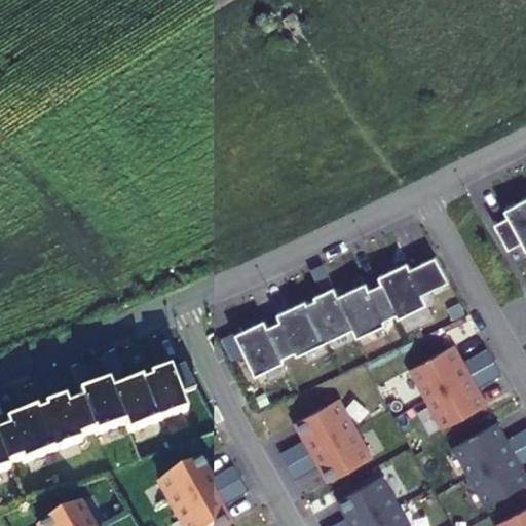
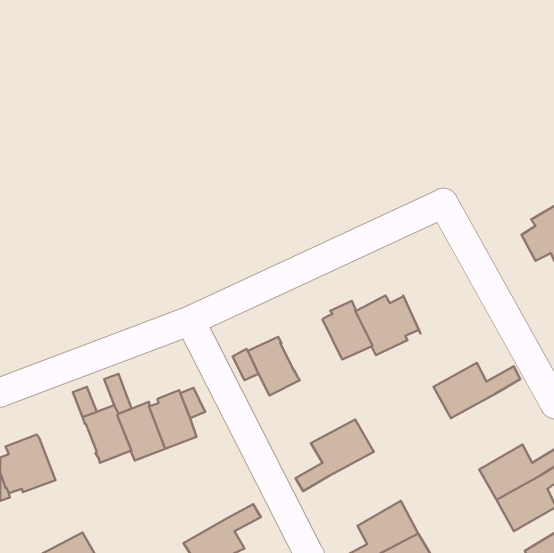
building: [379,256,449,317] -> none
building: [266,300,325,359] -> none
building: [427,361,500,427] -> none
building: [38,402,95,456] -> none
building: [288,429,370,481] -> none
building: [157,461,240,516] -> none

